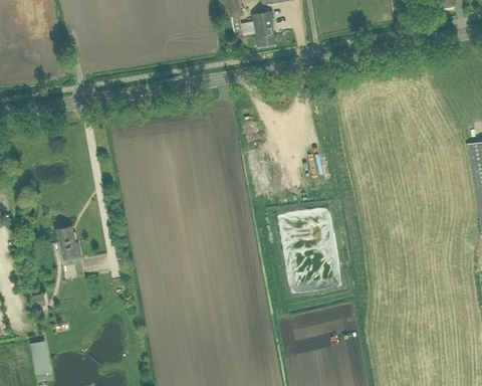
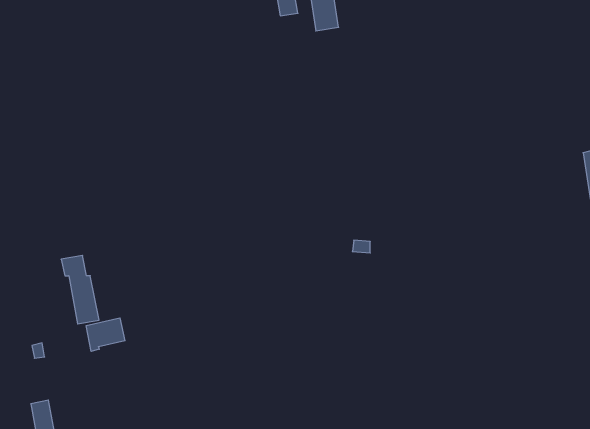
building: none -> [86,318,125,351]

